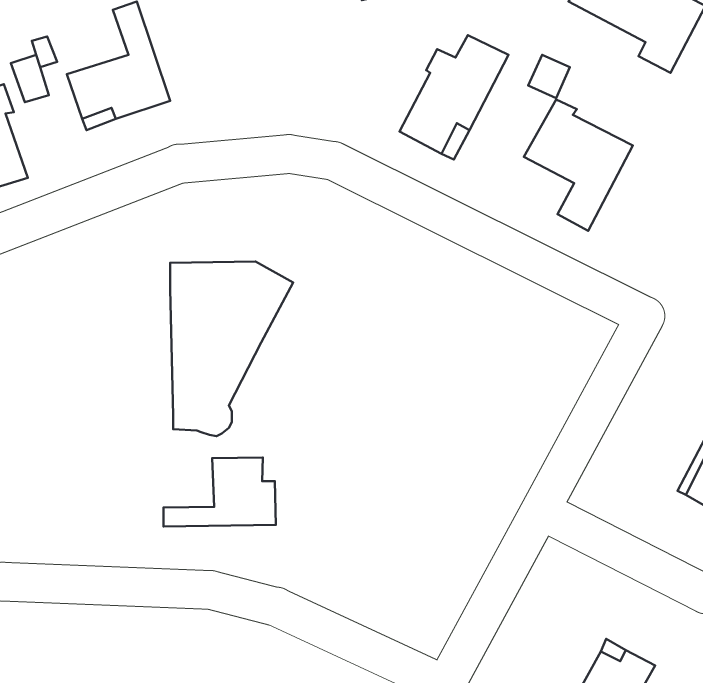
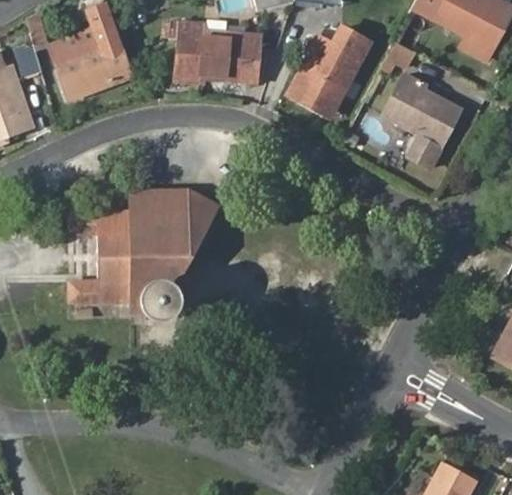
building: none -> [168,22,259,82]
building: none -> [50,211,131,301]
building: [164,457,276,527] -> none

